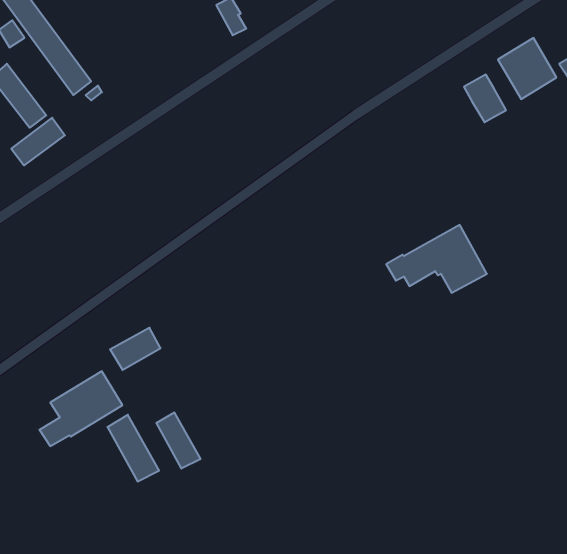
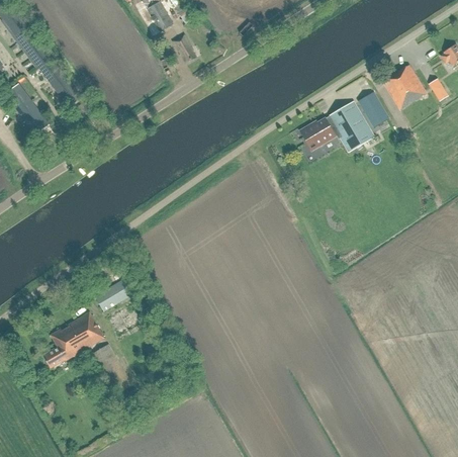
building: [11,118,65,165] -> none
building: [386,225,487,293] -> [299,101,374,152]
building: [156,412,200,469] -> none

